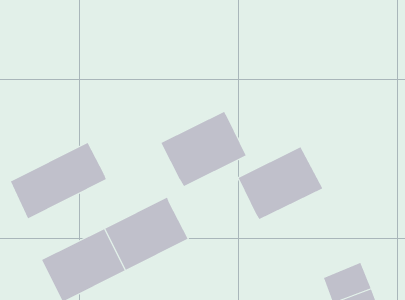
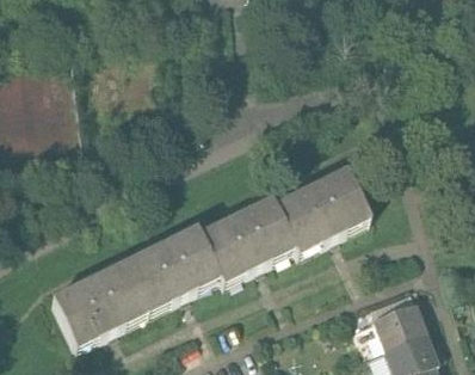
building: [160,111,247,187] -> [197,197,295,283]
building: [10,142,106,219] -> none

